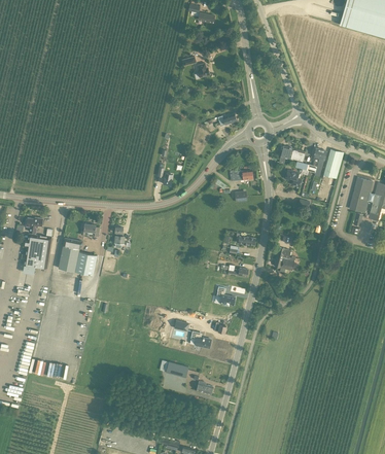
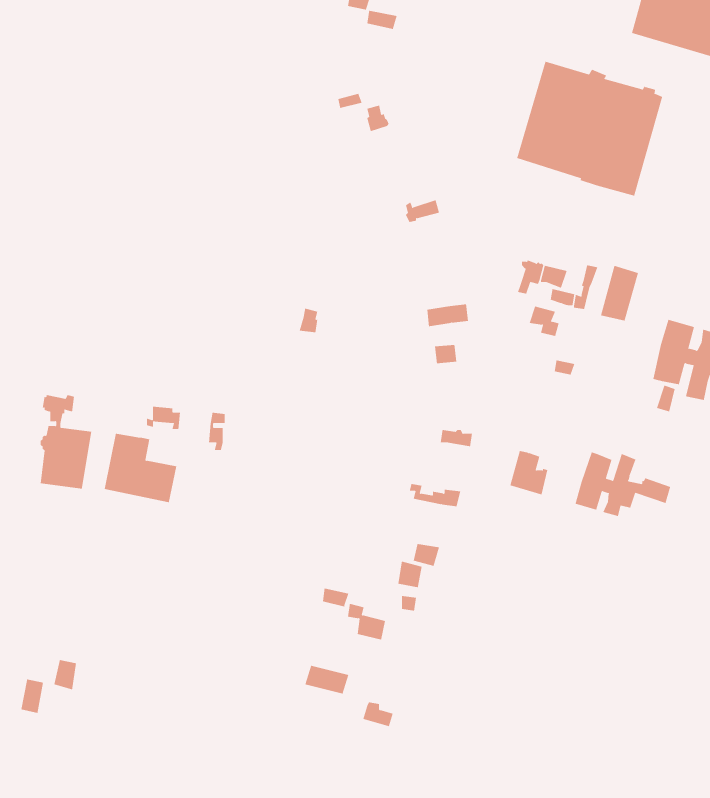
building: none -> [516,61,663,197]
building: none -> [575,452,671,517]

